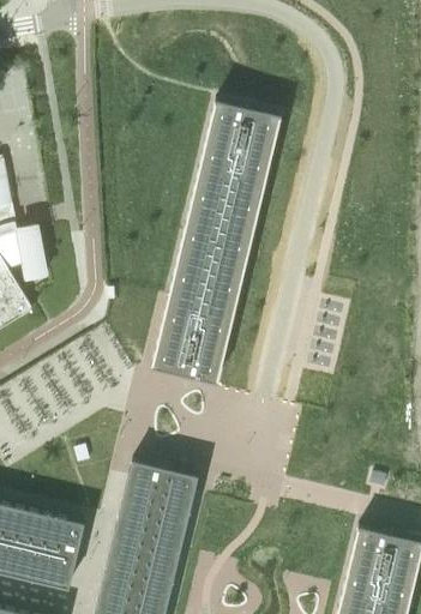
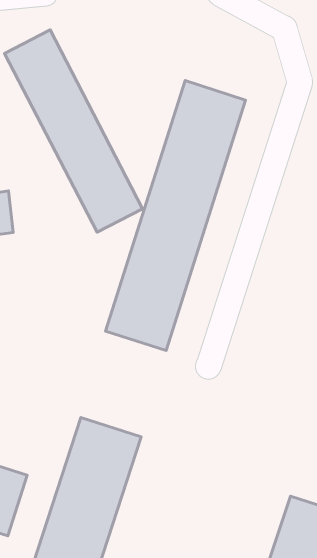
building: none -> [5,30,143,232]

